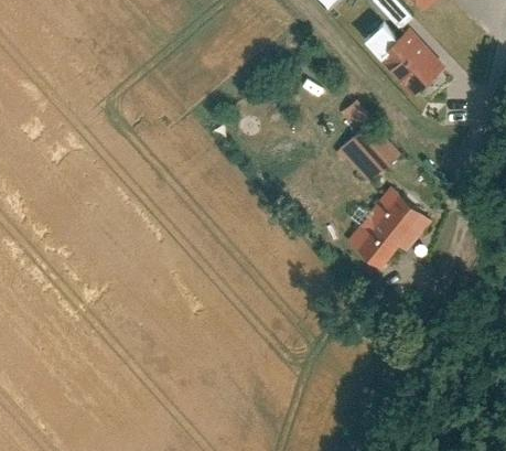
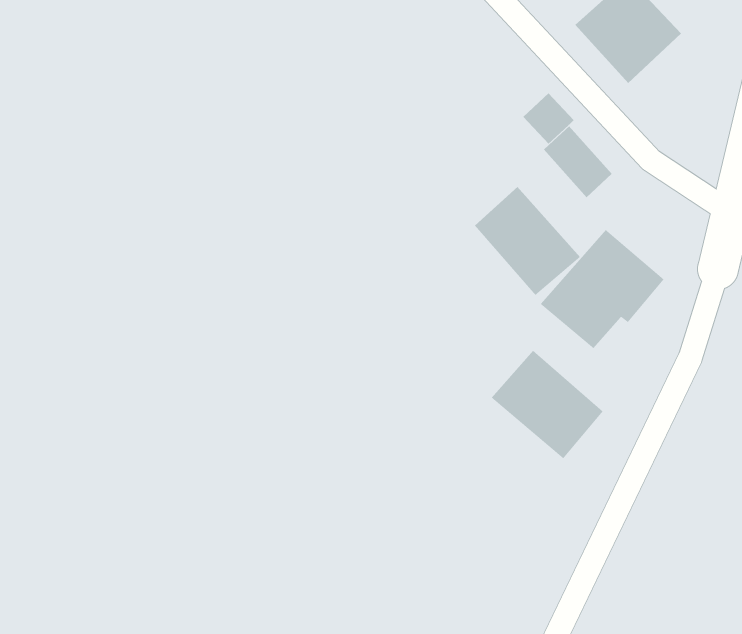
building: none -> [474,186,581,296]
building: none -> [491,350,603,459]

